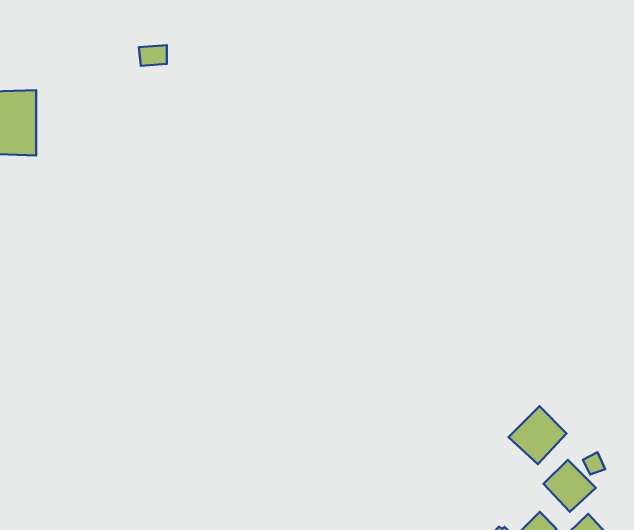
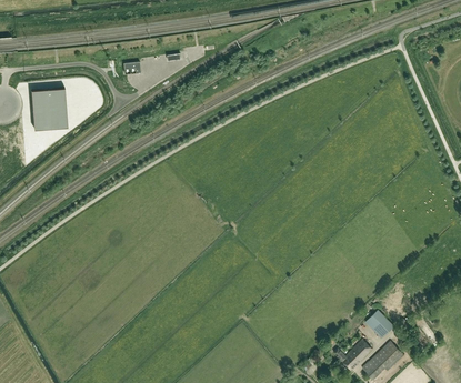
building: [509,406,566,464] -> none

